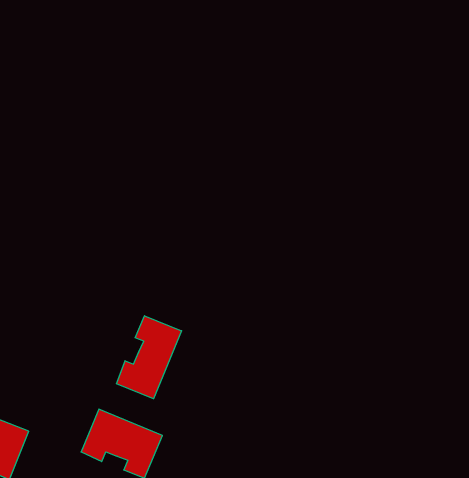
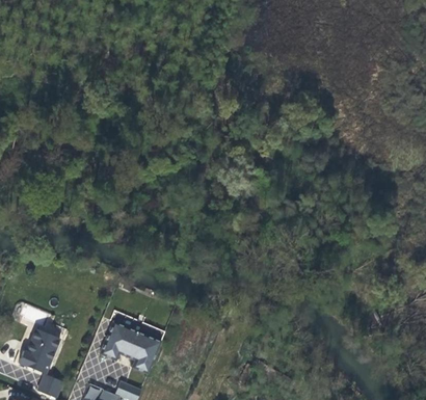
building: [117,316,182,399] -> none

